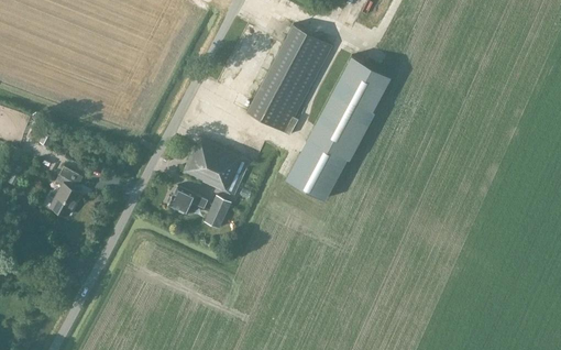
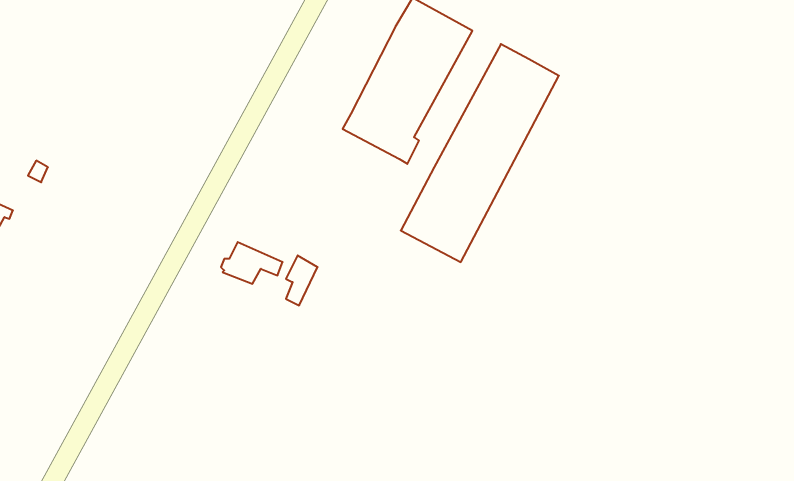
building: [184,140,250,197] -> none
building: [48,168,82,219] -> none

